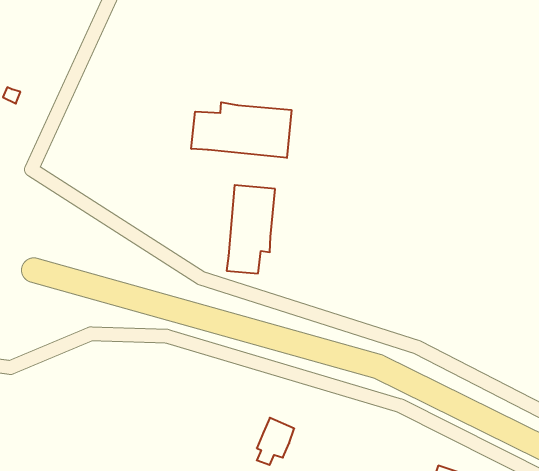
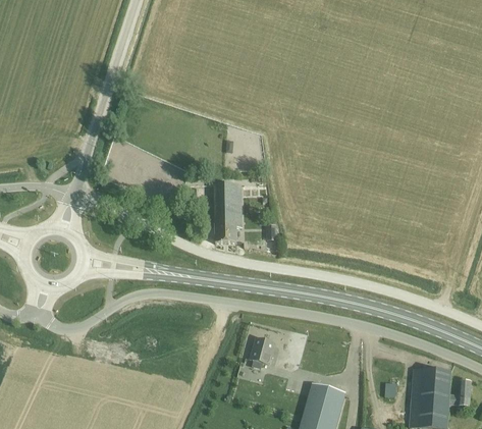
building: [191,102,291,158] -> none

